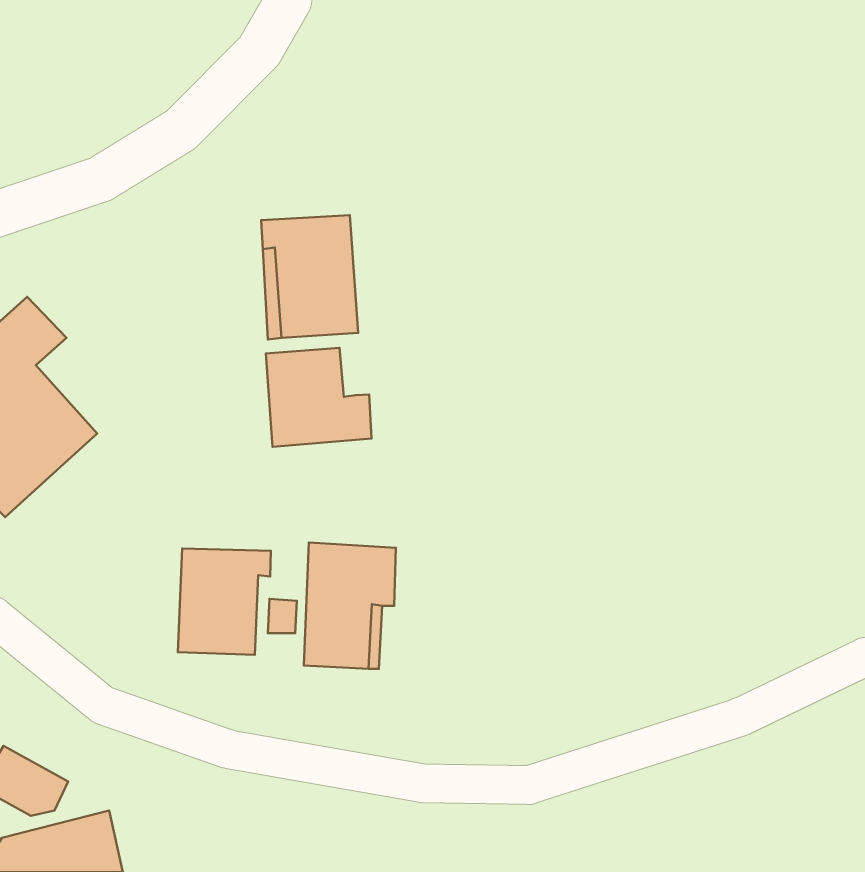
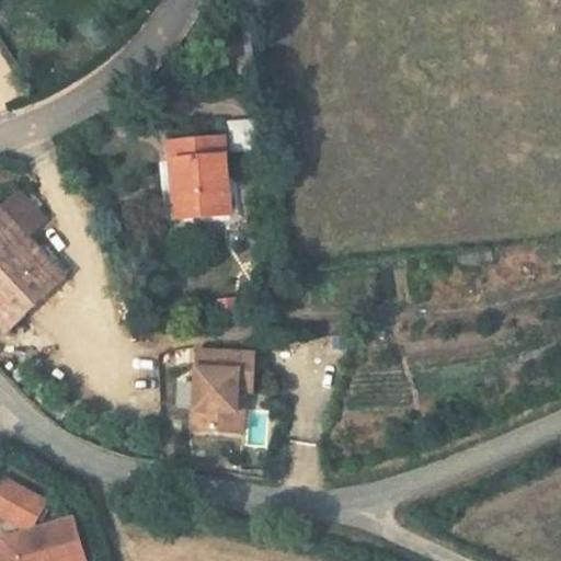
building: [266,348,371,447] -> none
building: [178,548,271,655] -> none

